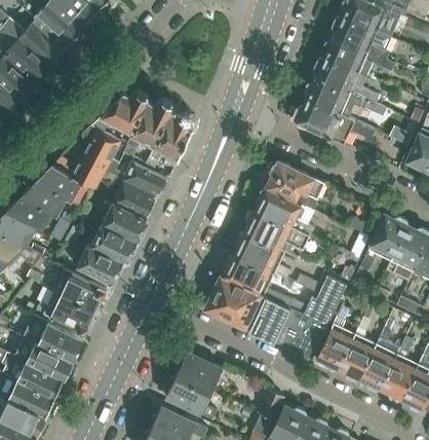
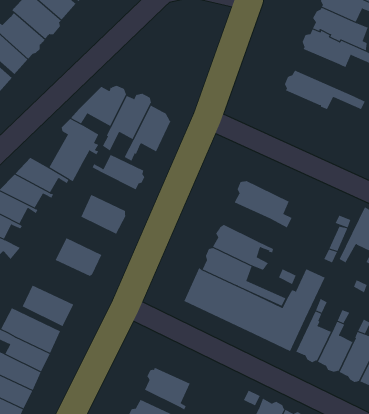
building: [315,57,379,104] -> none
building: [294,98,377,147] -> none
building: [266,161,323,210] -> none
building: [101,170,157,216] -> none
building: [244,210,308,258] -> none
building: [87,224,138,263] -> none
building: [53,269,106,311] -> none
building: [176,352,222,391] -> none

